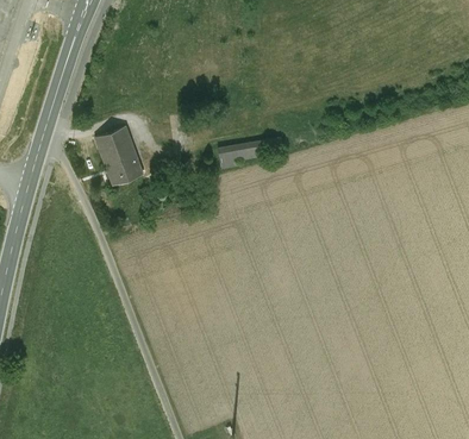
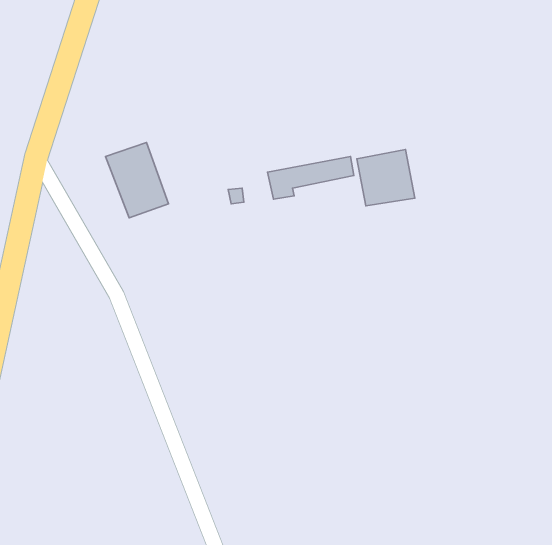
building: none -> [357,150,415,206]

